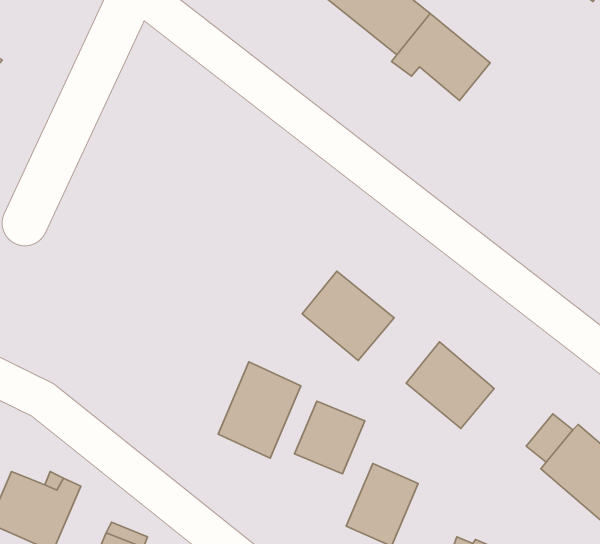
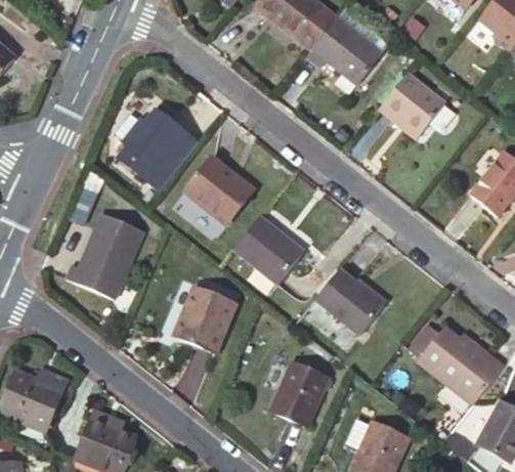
building: none -> [381,72,444,135]
building: none -> [127,108,206,187]
building: none -> [190,156,259,223]
building: none -> [69,207,147,294]
building: [294,401,365,474] -> none

